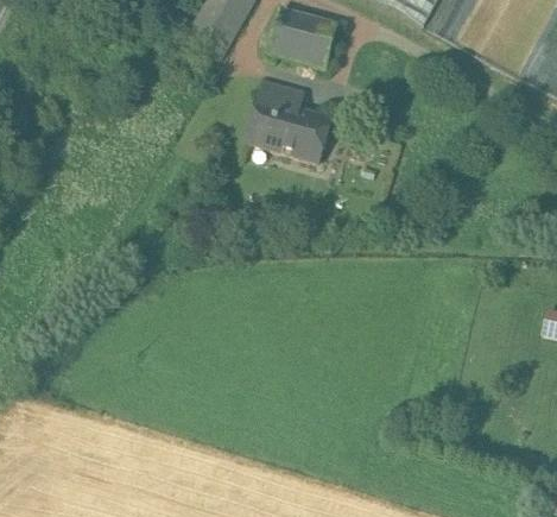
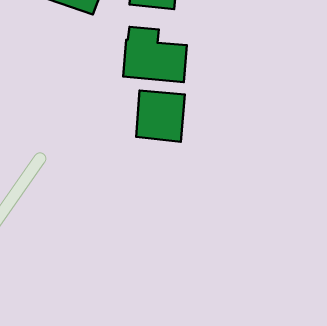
building: none -> [136,90,185,142]

